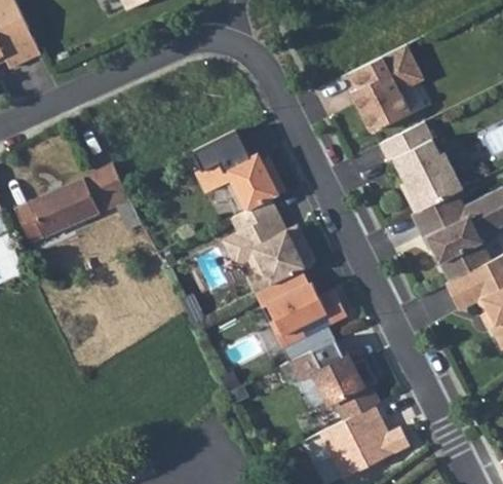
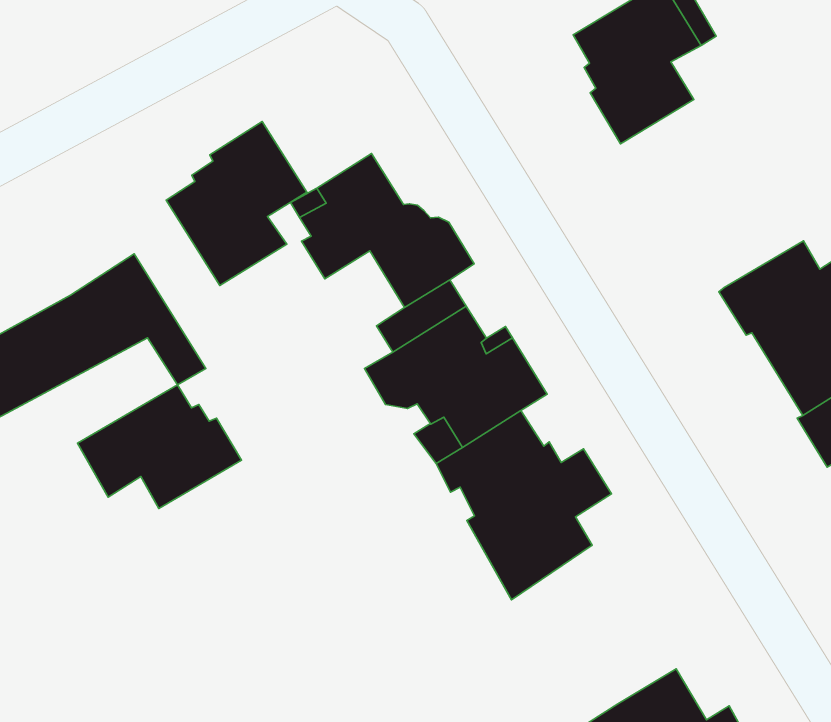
building: none -> [166,121,307,286]
building: [380,120,463,211] -> none
building: none -> [78,385,241,508]
building: [289,338,377,421] -> none

